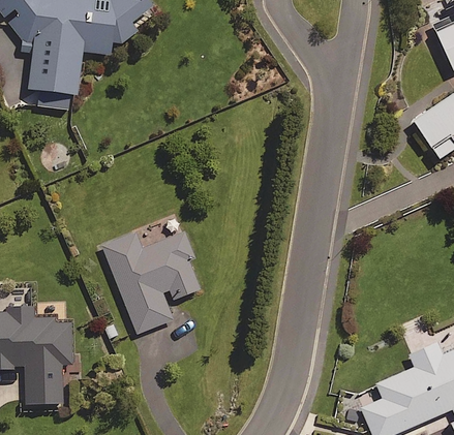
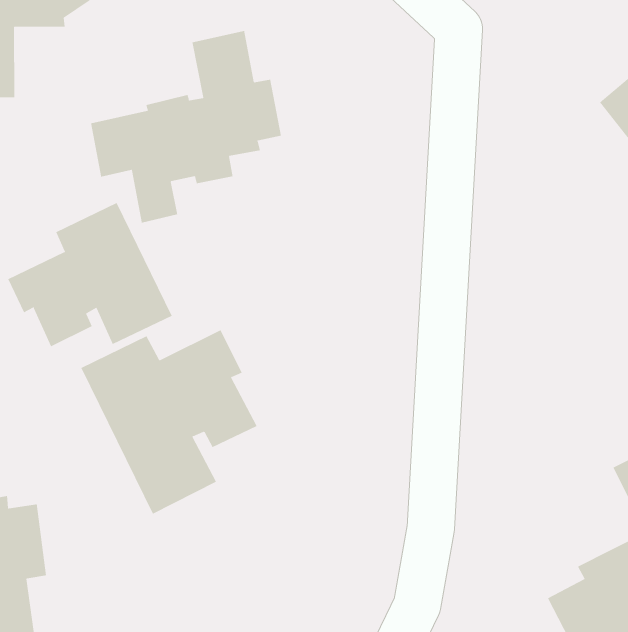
building: none -> [90,30,282,224]
building: none -> [8,202,173,347]

